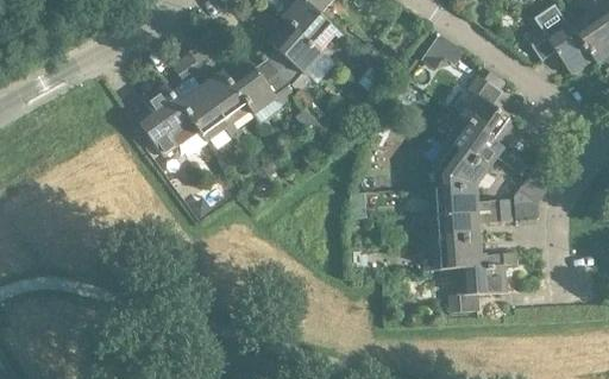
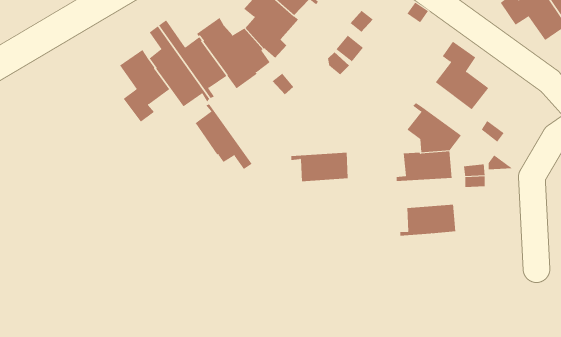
building: [448,113,504,169] -> none
building: none -> [195,103,252,170]
building: [421,211,479,241] -> [291,152,349,182]
building: [450,251,515,311] -> none

